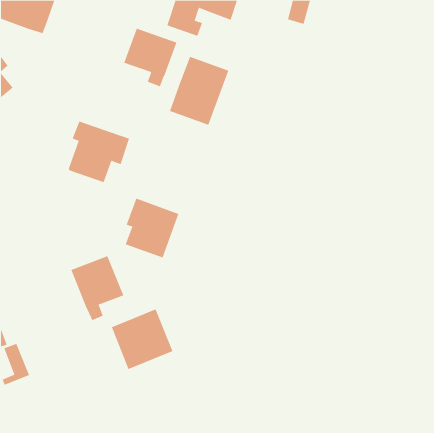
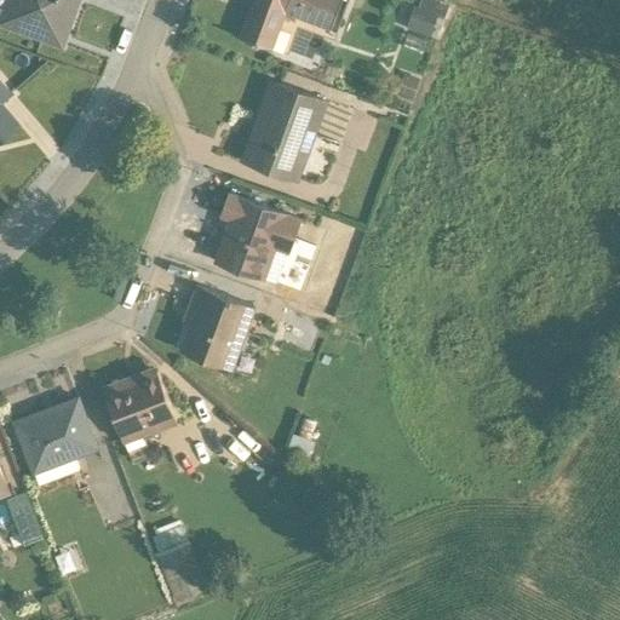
building: [124,28,177,87] -> none
building: [68,121,130,183] -> [212,191,300,280]
building: none -> [11,395,99,475]
building: [111,308,173,370] -> none

